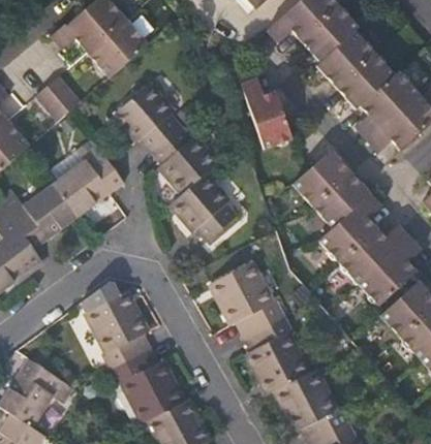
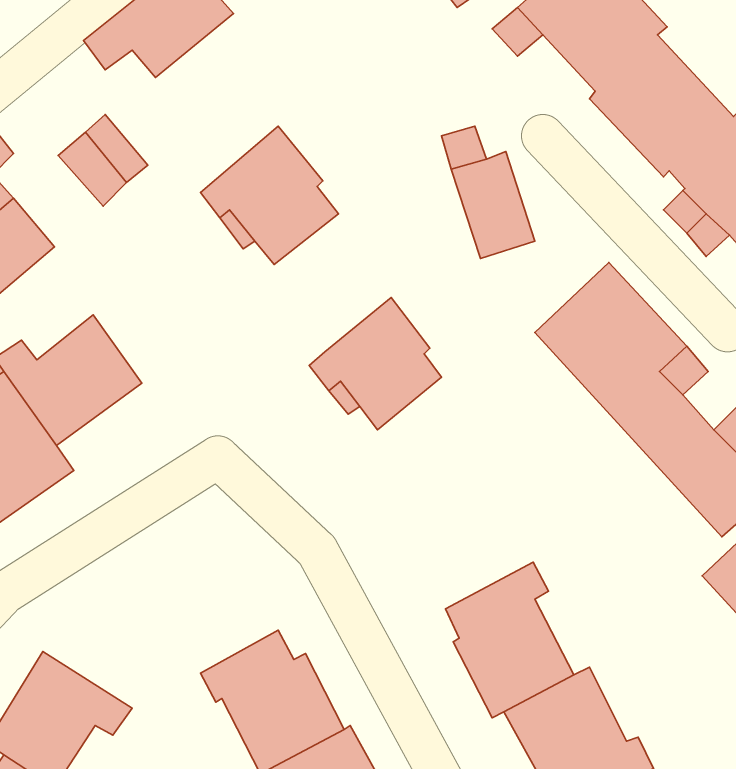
building: [87,20,148,75] -> none
building: [150,126,221,199] -> none
building: [54,136,124,216] -> none
building: [209,260,287,336] -> none
building: [85,290,152,370] -> none

